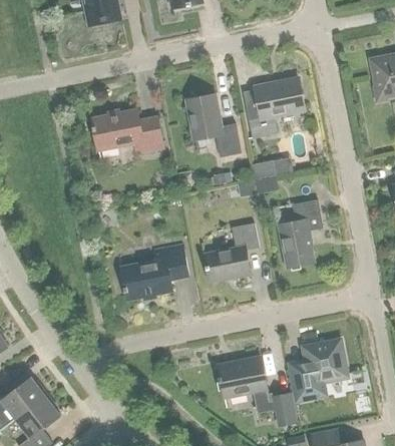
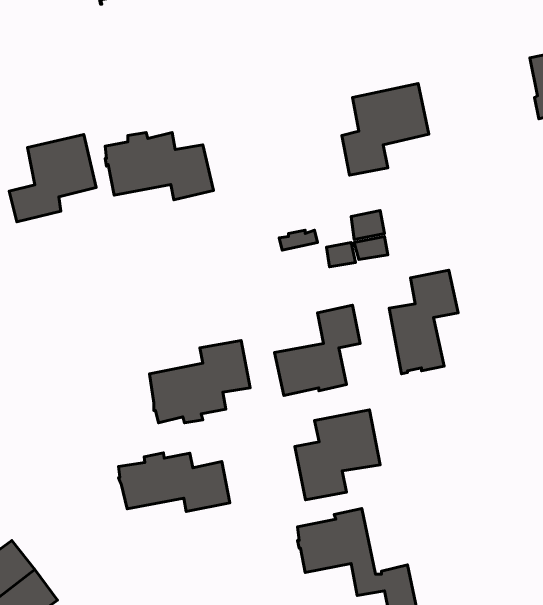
building: [185,93,242,156] -> none
building: none -> [9,134,96,222]
building: none -> [118,453,230,512]
building: [291,340,347,399] -> [295,410,380,500]

